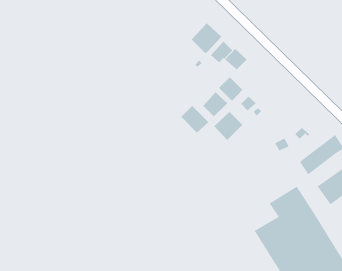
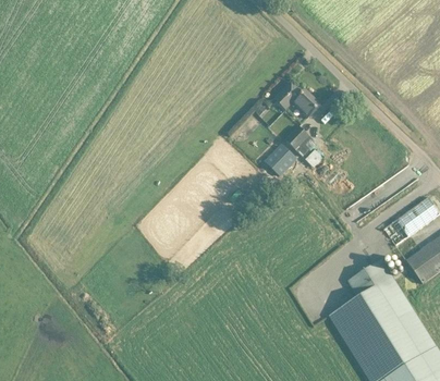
building: [191,22,222,54] -> none
building: [180,105,209,133] -> none
building: [214,111,243,141] -> none

